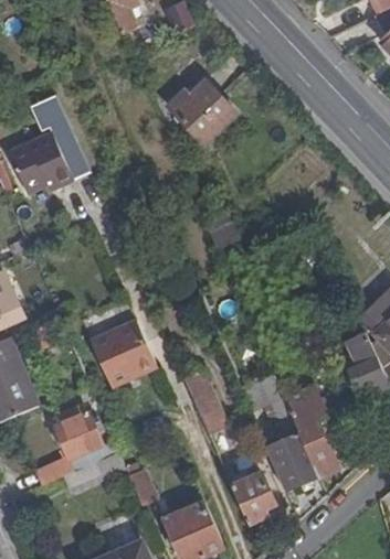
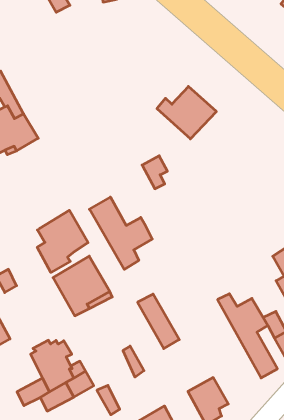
building: [169,83,238,143] -> [157,86,216,139]
building: none -> [89,197,152,269]
building: none -> [37,210,88,272]
building: [241,373,319,491] -> none

